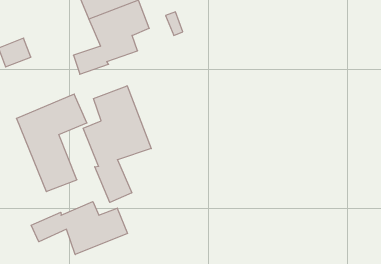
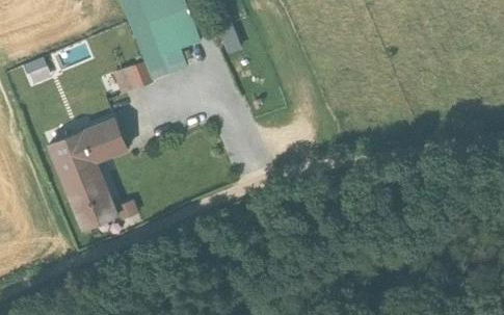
building: [83,86,151,202] -> none
building: [31,202,127,255] -> none

